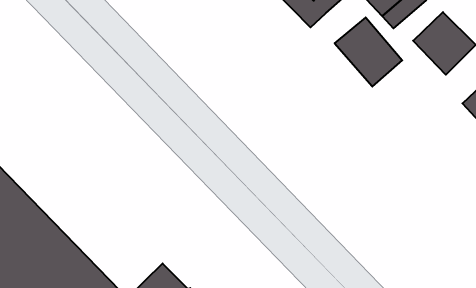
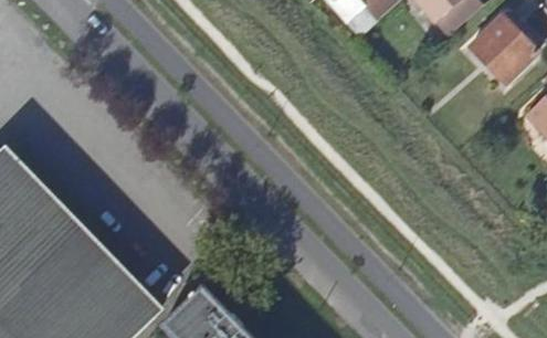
building: [335,17,402,87] -> none

